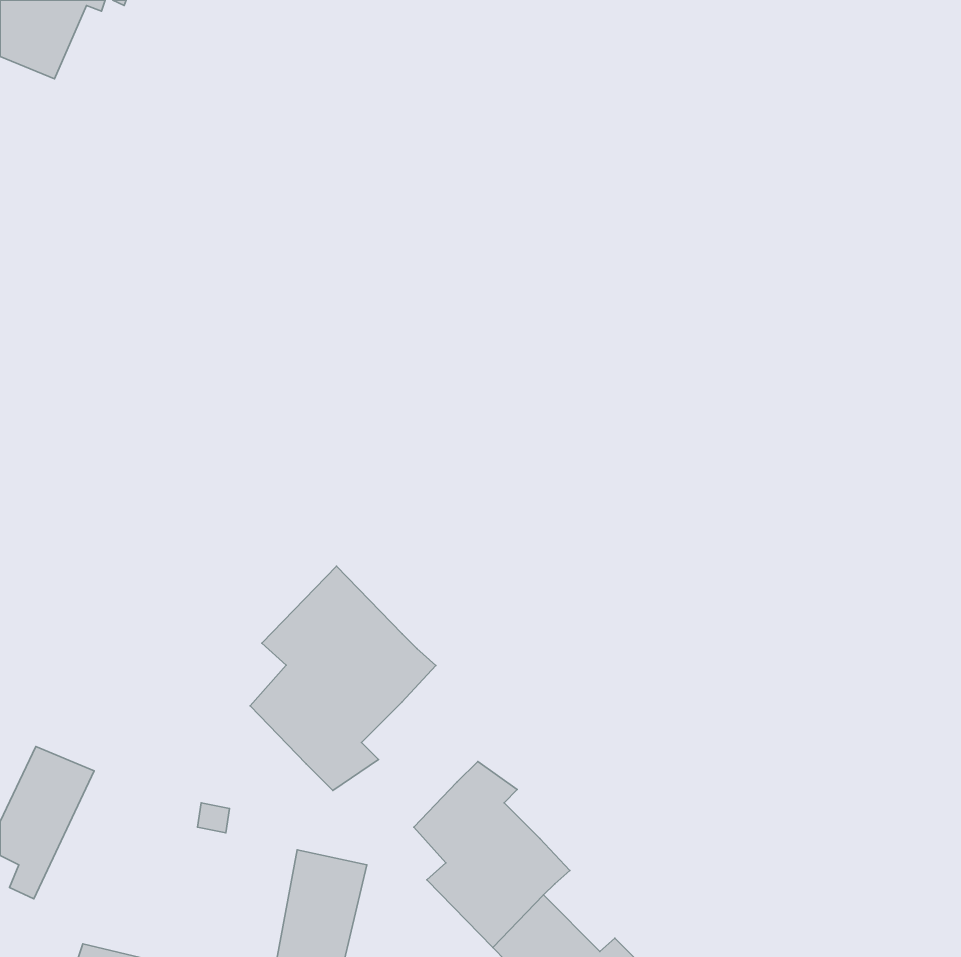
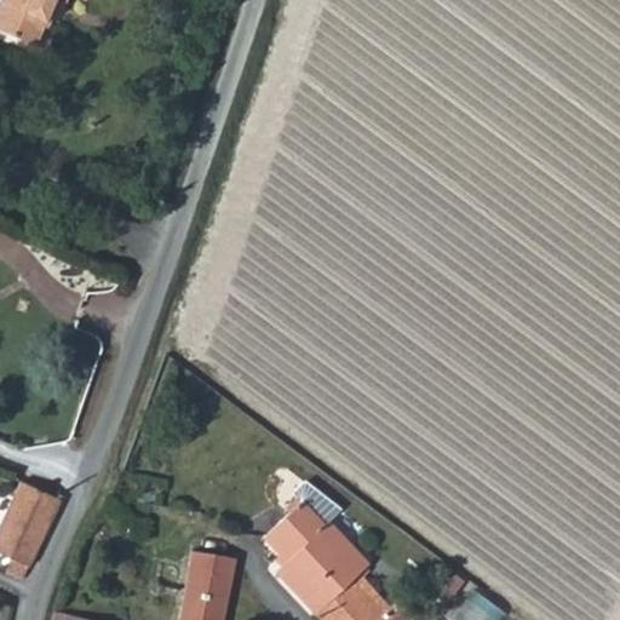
building: [250,566,436,791] -> none

